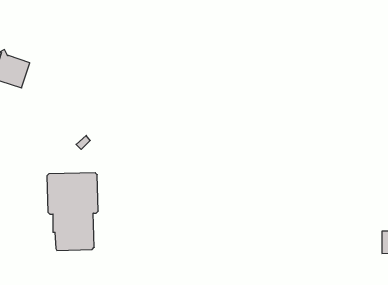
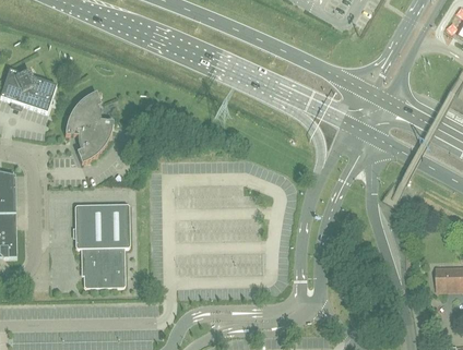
building: none -> [64,92,112,162]

